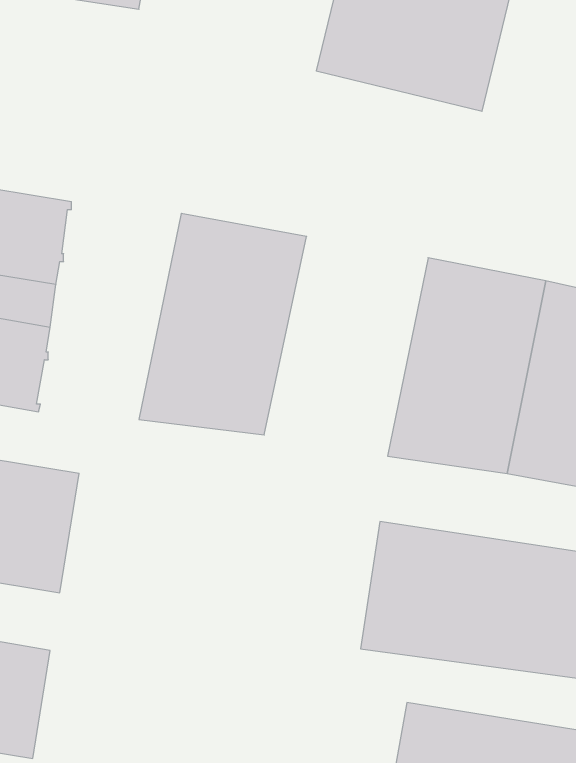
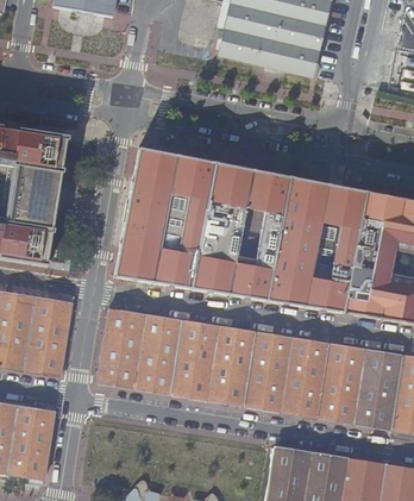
building: none -> [187,157,288,293]
building: none -> [98,311,258,412]

